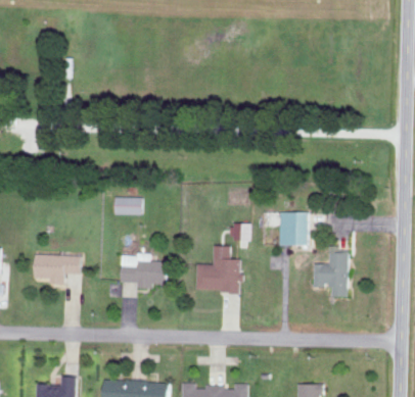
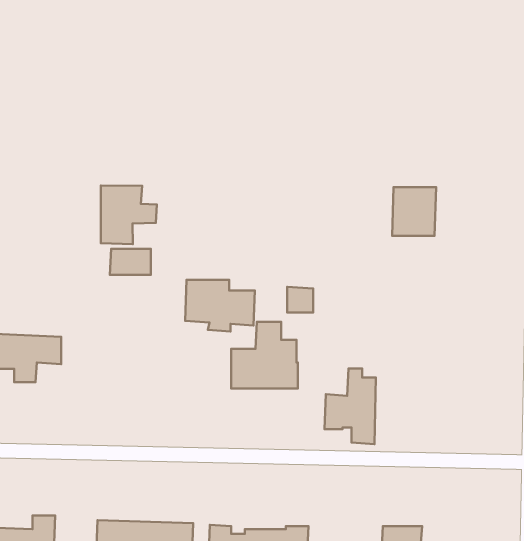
building: none -> [101,186,157,244]
building: [278,212,308,245] -> [392,187,436,236]
building: [313,246,348,297] -> [324,368,376,444]
building: [120,254,167,289] -> [185,280,255,332]

